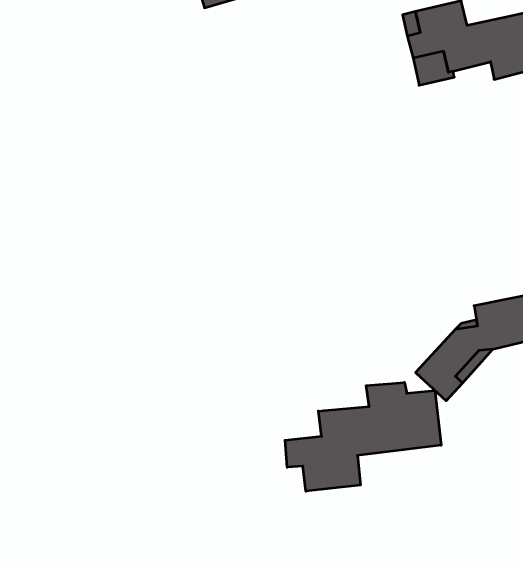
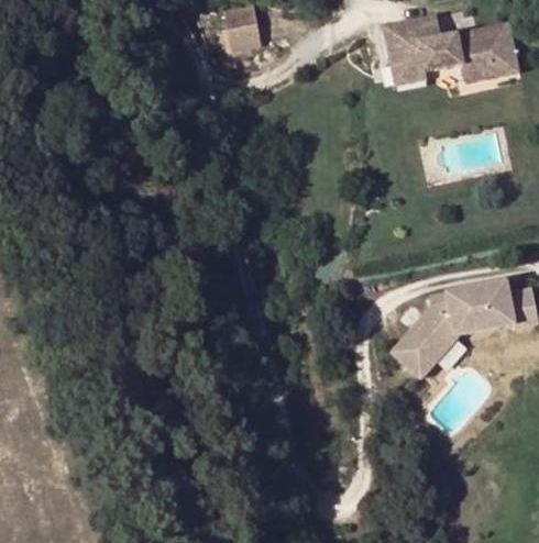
building: none -> [222,13,261,60]
building: [285,382,441,491] -> none

